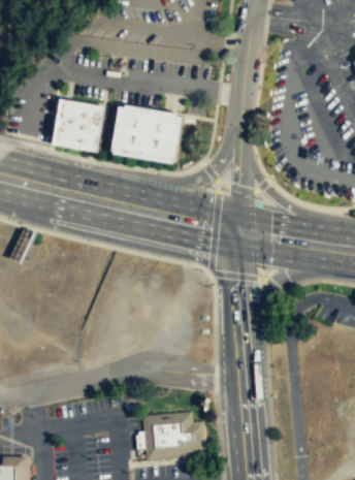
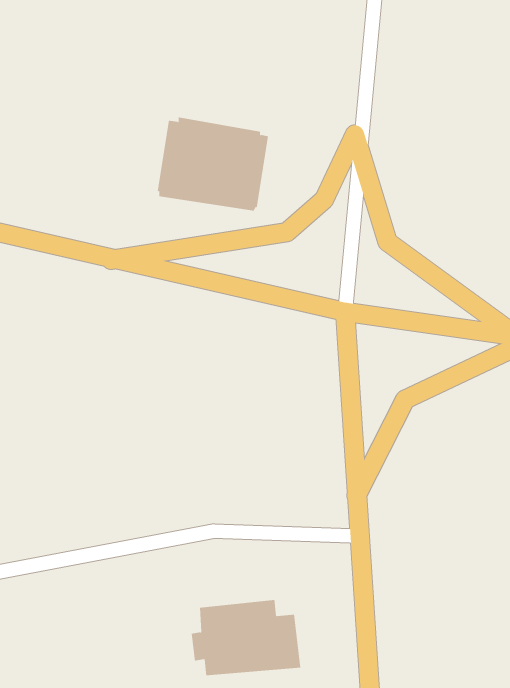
building: [51,98,105,154] -> none

